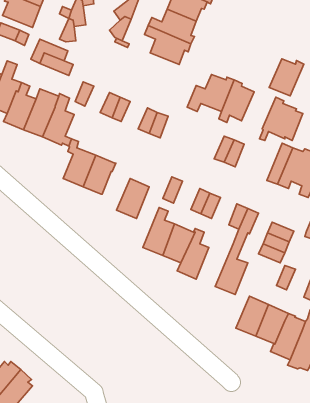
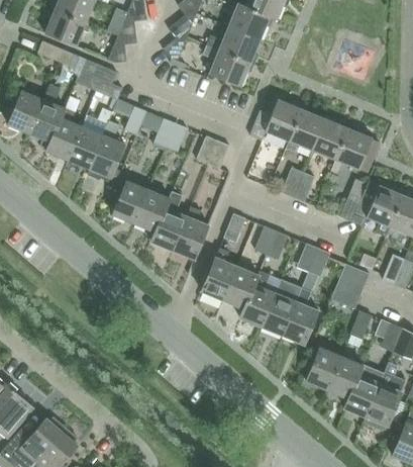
building: [269,59,304,96] -> [311,118,349,160]
building: none -> [150,192,187,251]
building: none -> [261,279,302,336]

